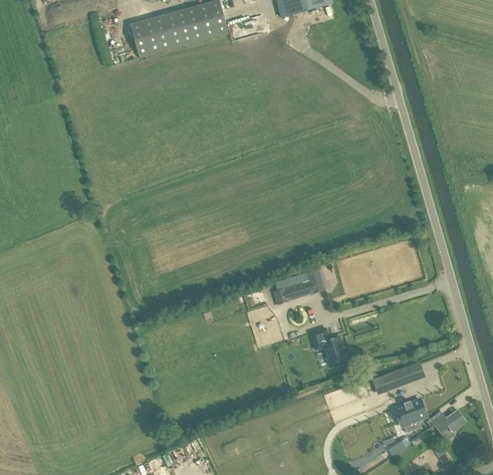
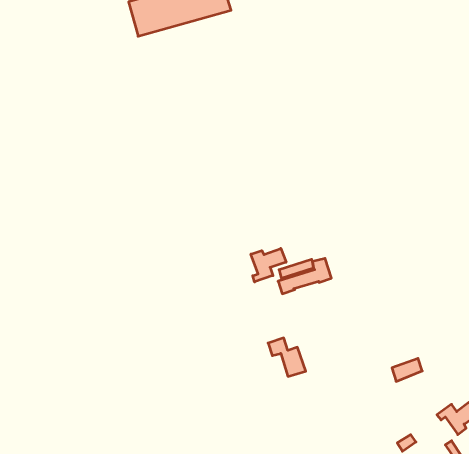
building: none -> [251,248,286,282]
building: [310,328,346,366] -> [268,338,306,376]
building: [395,399,426,433] -> none

